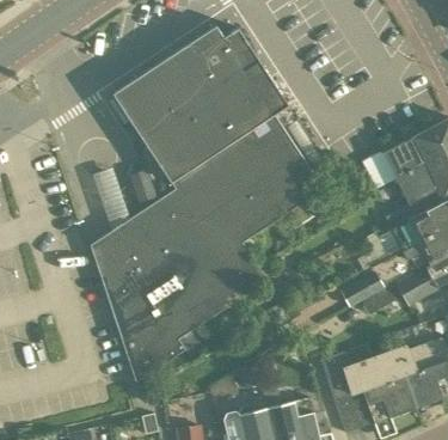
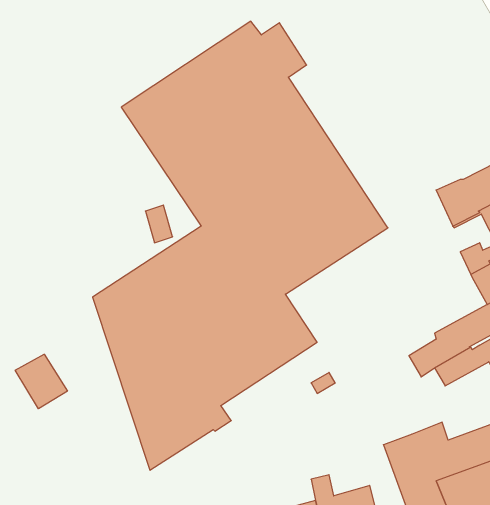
building: none -> [15,354,67,409]

